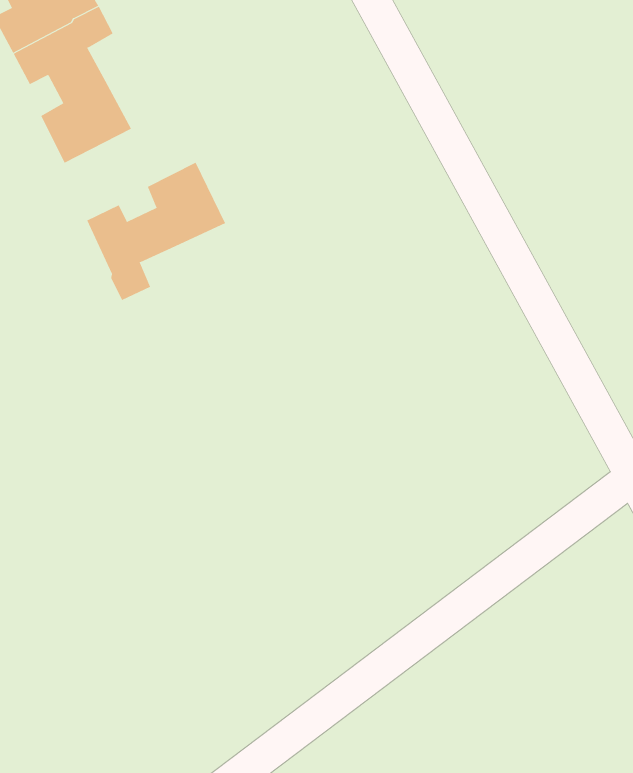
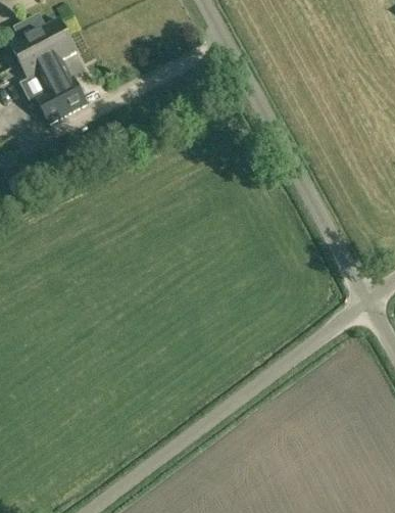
building: [86,162,226,301] -> none

